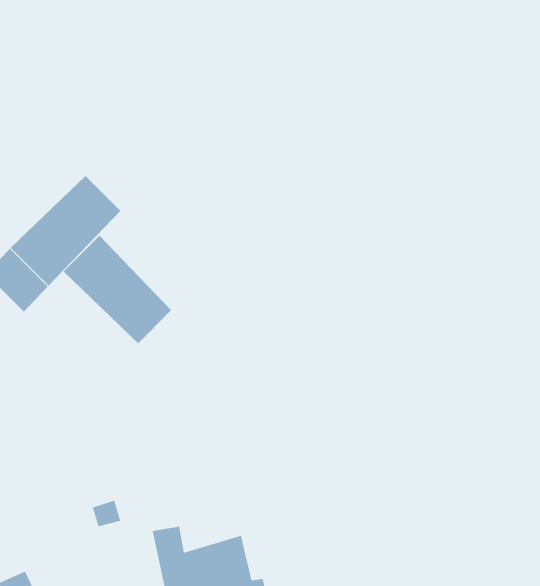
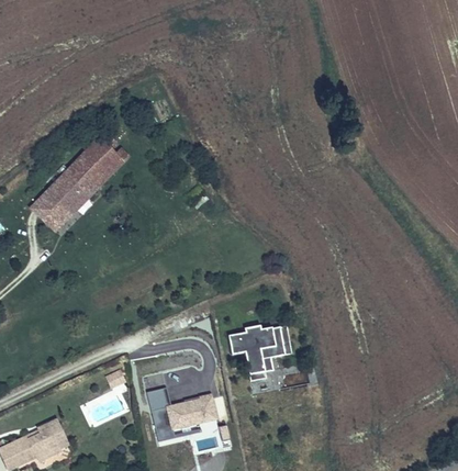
building: [63,235,172,344] -> none
building: none -> [228,325,287,382]

